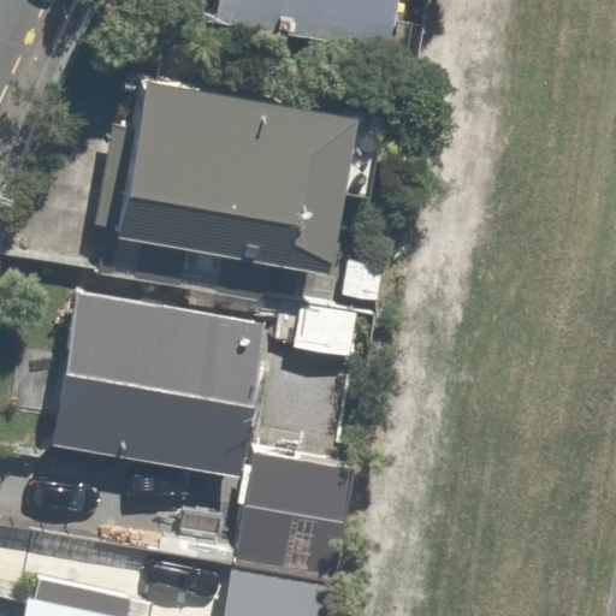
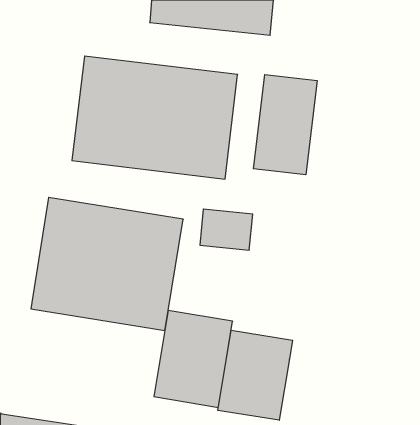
building: none -> [253,75,317,175]
building: none -> [218,330,293,420]

